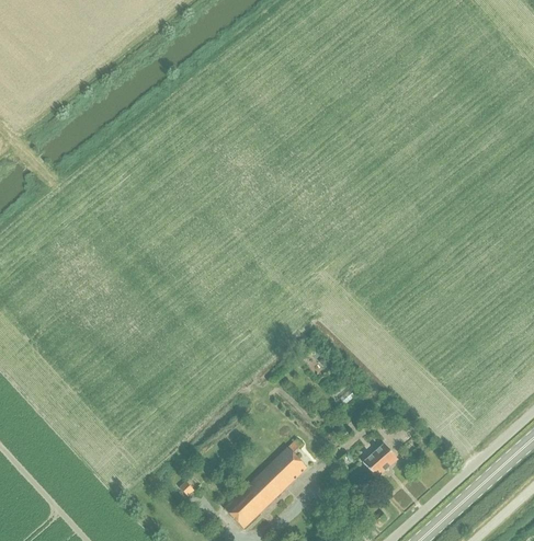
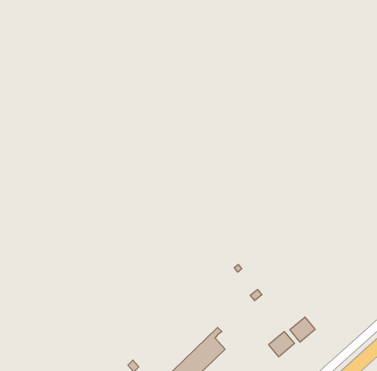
building: none -> [290,317,315,342]

